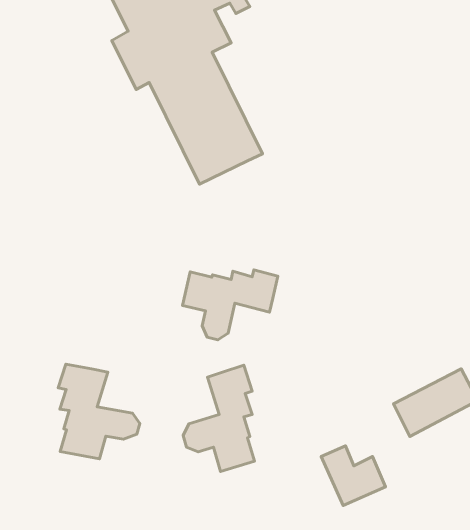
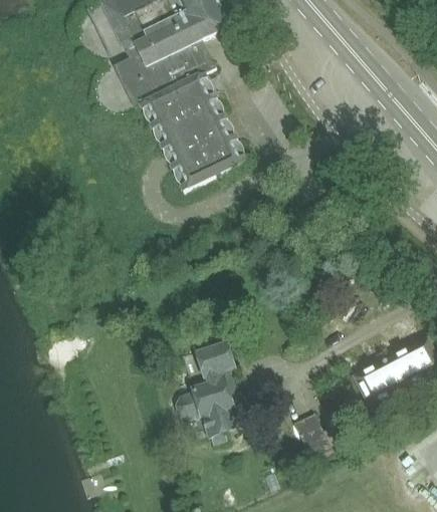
building: [183,270,278,340] -> none
building: [58,364,140,459] -> none

